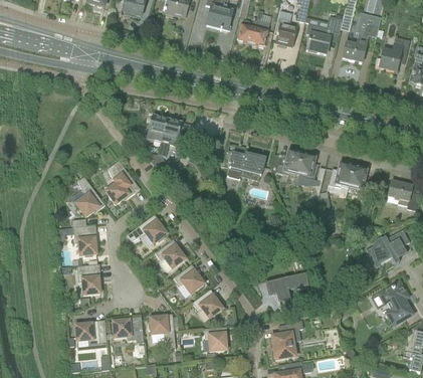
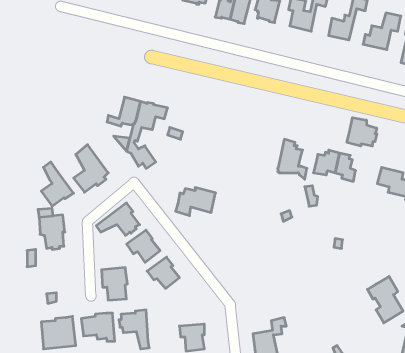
building: none -> [347,118,377,146]
building: [275,152,301,175] -> none
building: [227,153,264,179] -> [176,188,216,216]
building: [366,229,409,262] -> none
building: [77,263,101,294] -> [102,268,127,300]
building: [265,271,308,311] -> none
building: [192,288,223,318] -> none

